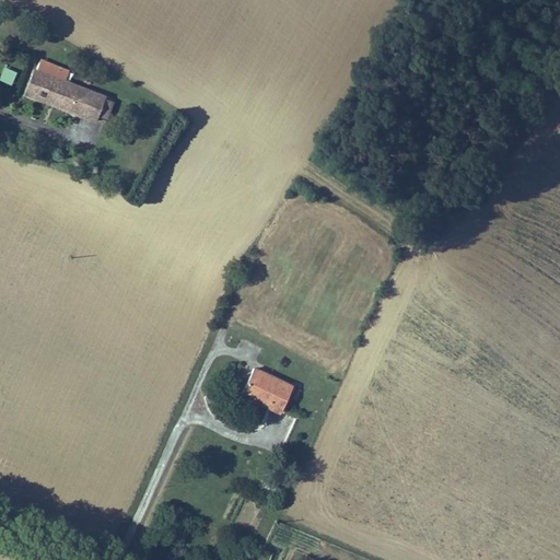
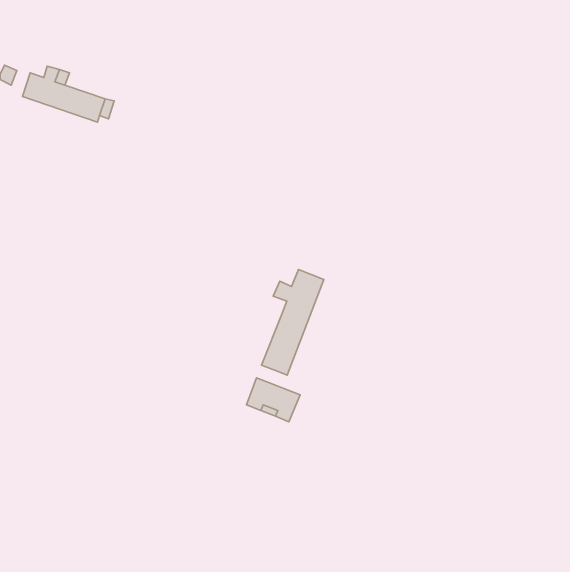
building: none -> [262,269,324,375]

